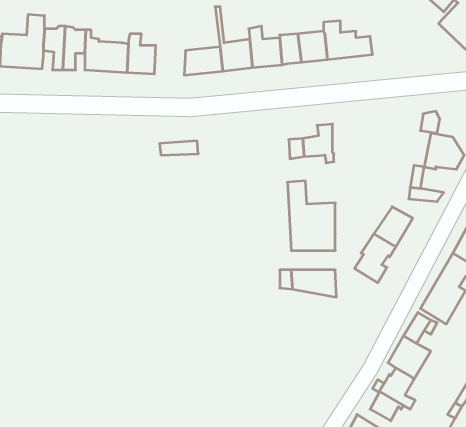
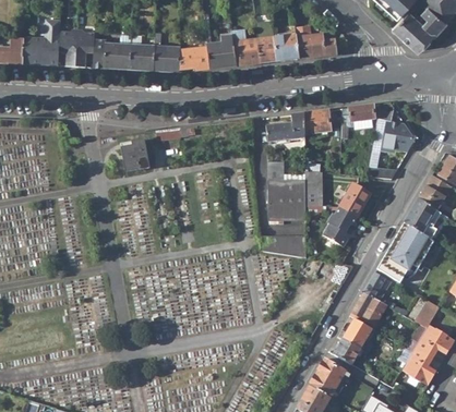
building: none -> [153,44,179,71]
building: none -> [341,104,374,138]
building: none -> [303,109,329,133]
building: none -> [121,138,148,170]
building: none -> [305,170,323,205]

